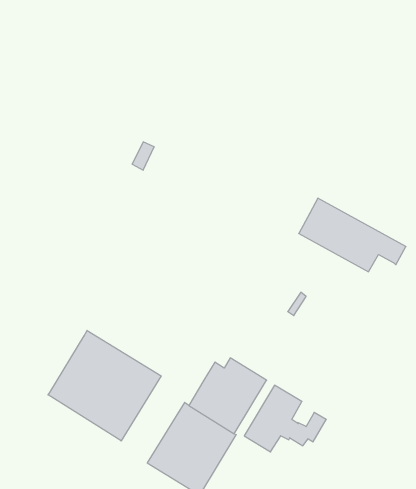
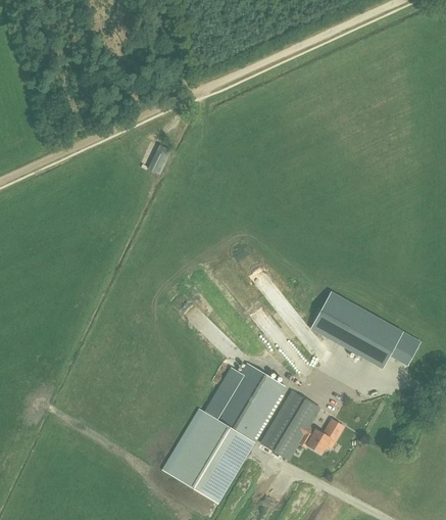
building: [299,198,406,272] -> [311,291,419,366]
building: [48,330,161,441] -> none

